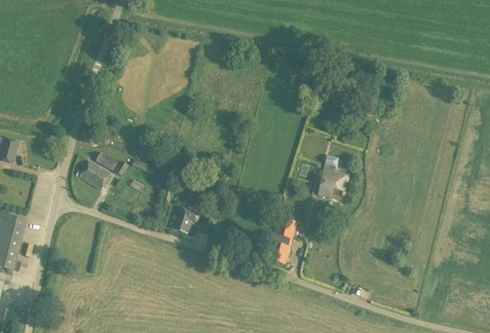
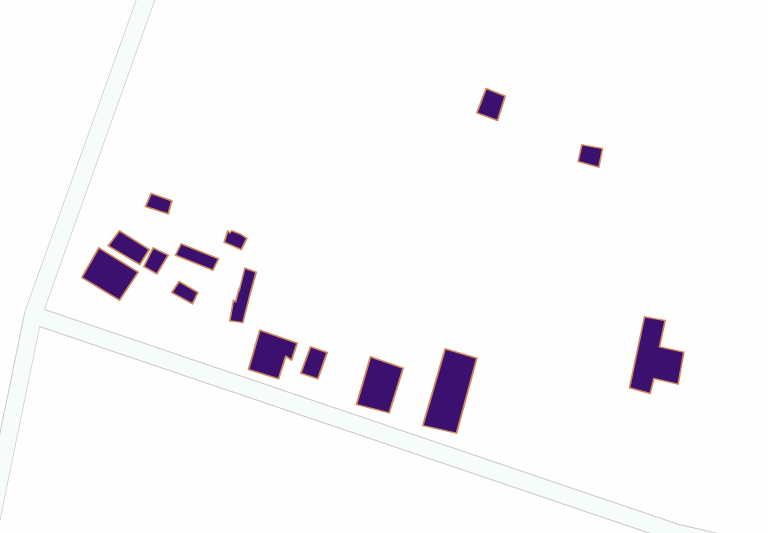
building: [317,154,347,196] -> [630,317,684,394]
building: none -> [356,357,403,413]

